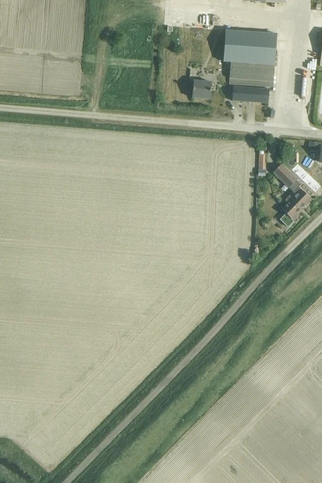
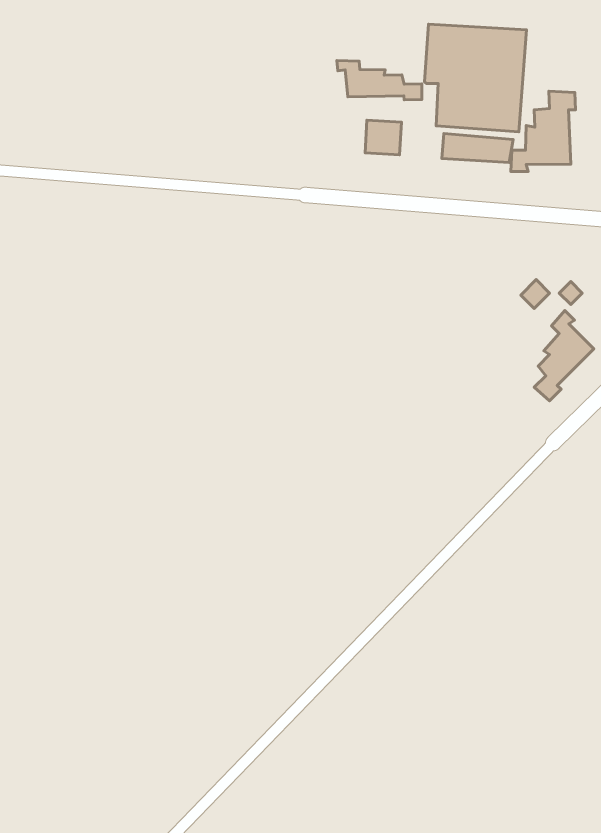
building: none -> [337,60,422,100]
building: none -> [511,91,576,172]

